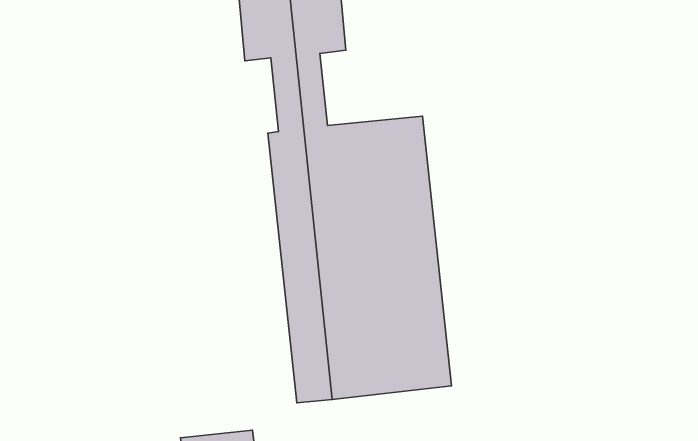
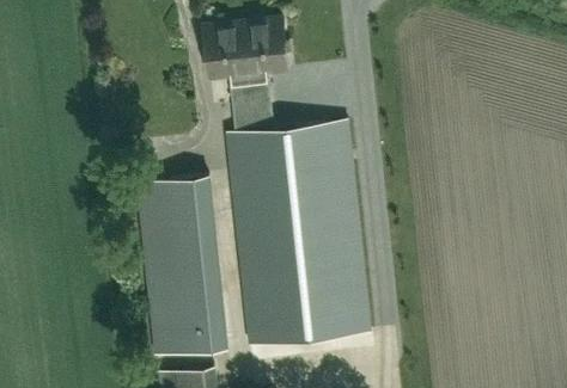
building: none -> [138,177,227,356]

